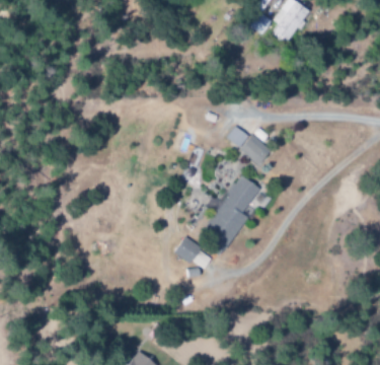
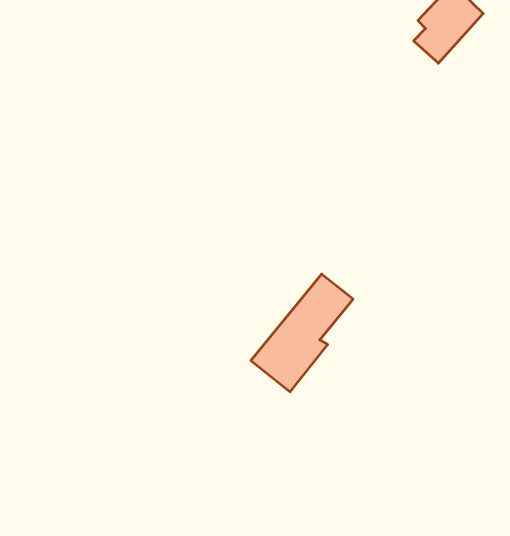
building: [226,127,272,163] -> none
building: [174,236,202,265] -> none

